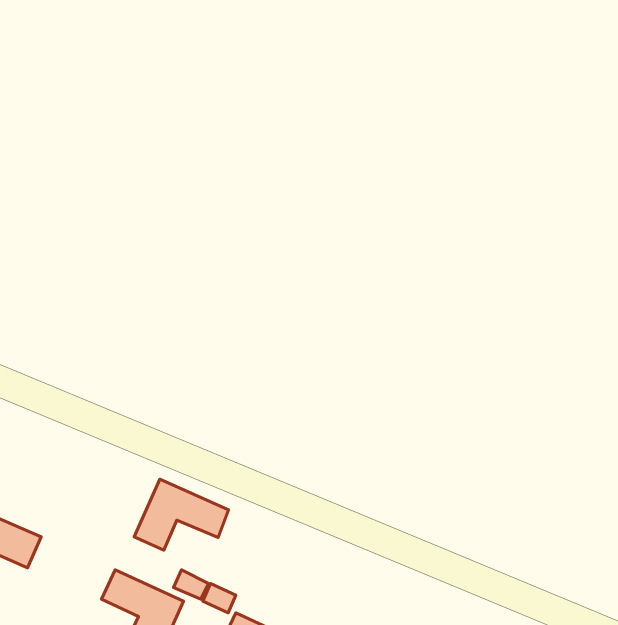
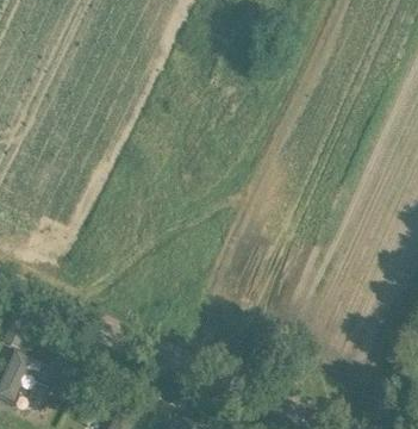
building: [134,479,229,550] -> none

